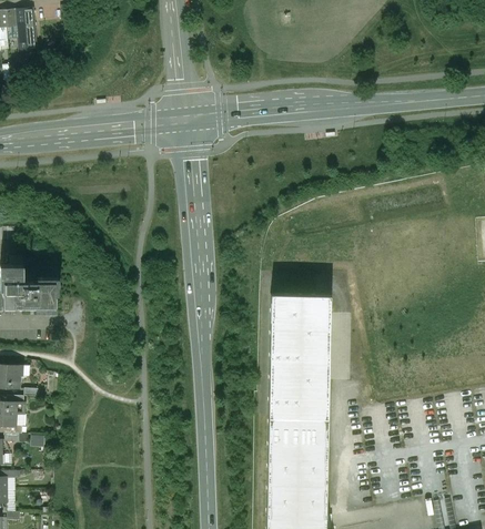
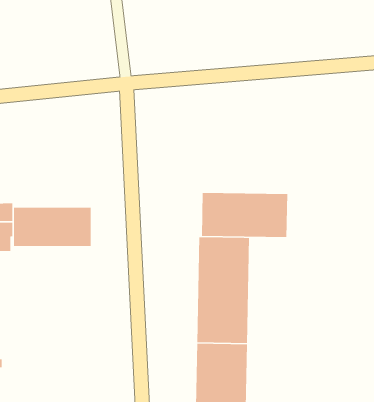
building: none -> [201,192,288,238]
building: none -> [13,207,92,247]

